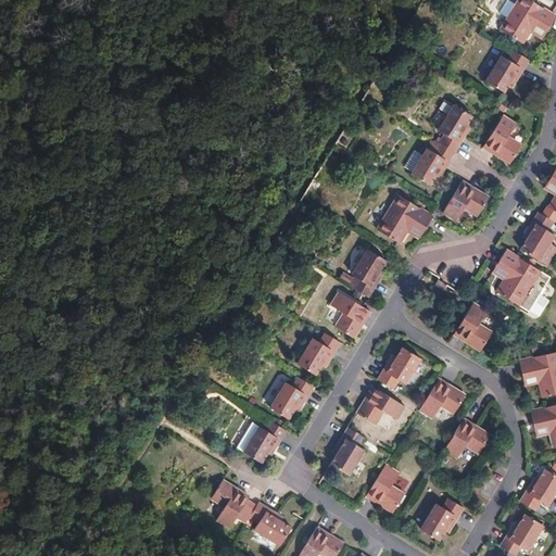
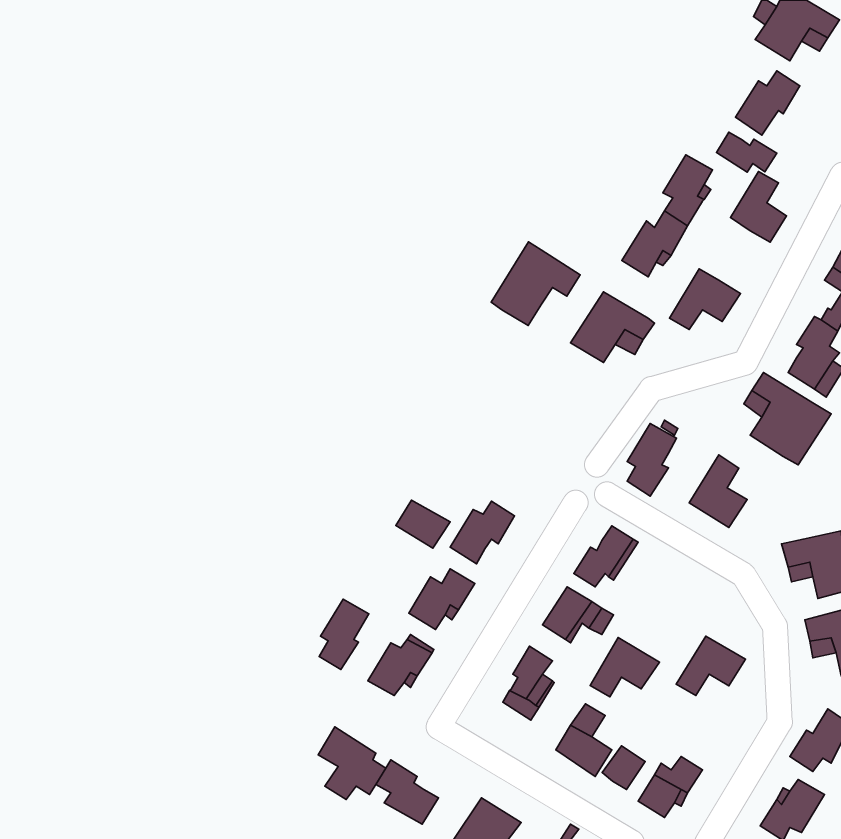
building: none -> [717,132,777,172]
building: none -> [491,242,580,325]
building: [353,249,386,296] -> [627,423,677,496]
building: [331,292,370,337] -> none
building: none -> [396,500,450,548]
building: [421,381,467,420] -> [590,638,659,697]
building: none -> [319,599,369,669]
building: none -> [602,746,645,790]

